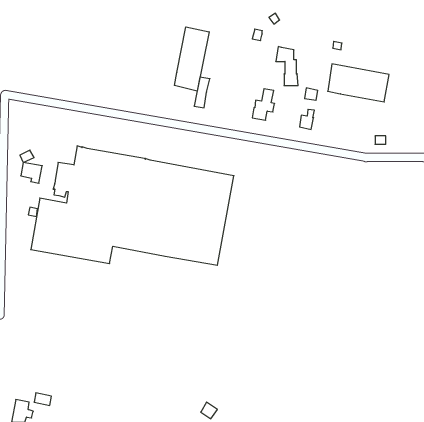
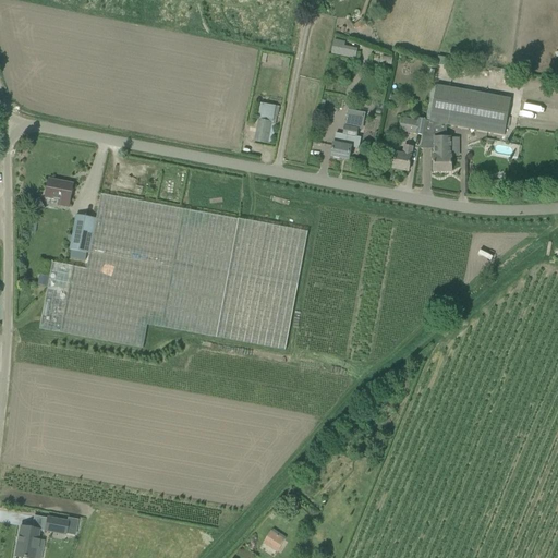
building: [174,27,209,91] -> none
building: [276,47,298,86] -> [423,119,452,170]
building: [21,162,42,183] -> [46,178,74,205]

